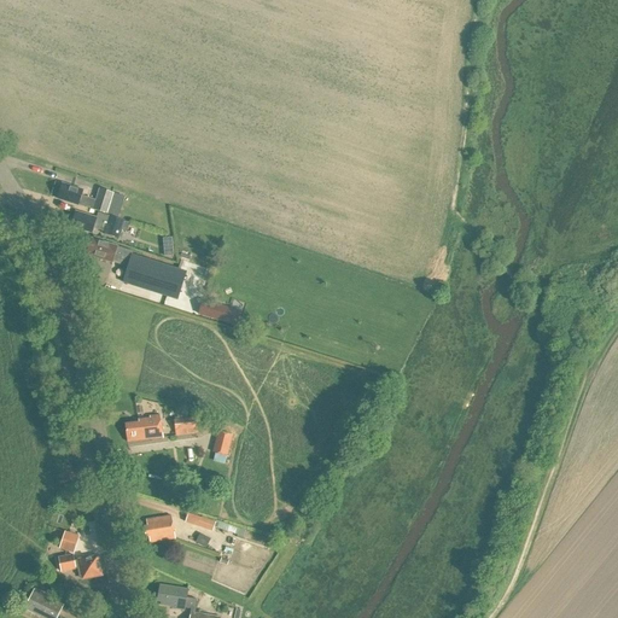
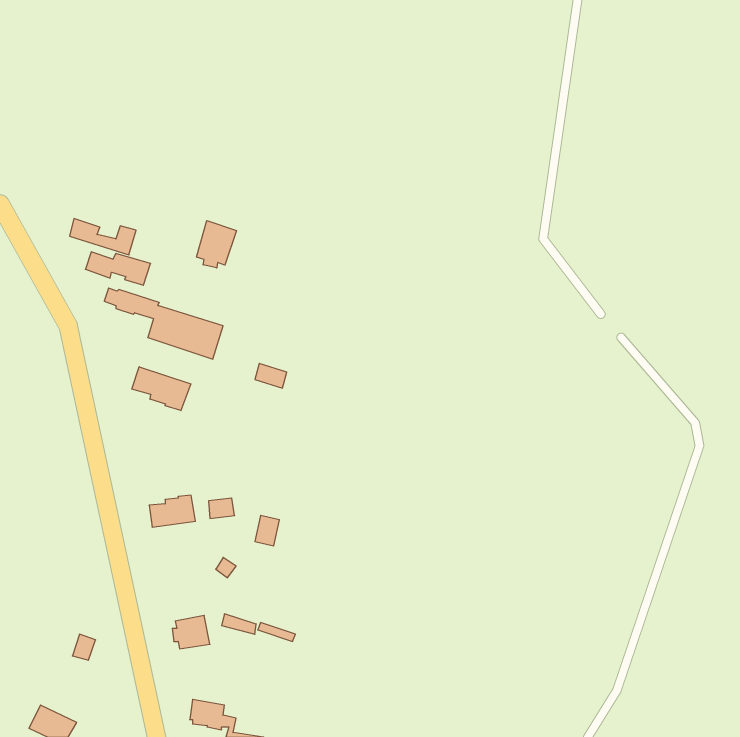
building: none -> [197,221,236,268]
building: none -> [132,367,191,411]
building: [57,554,103,577] -> none

